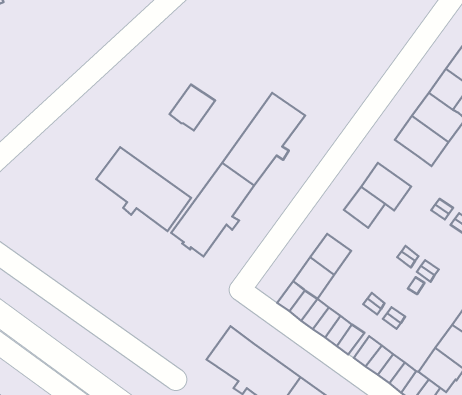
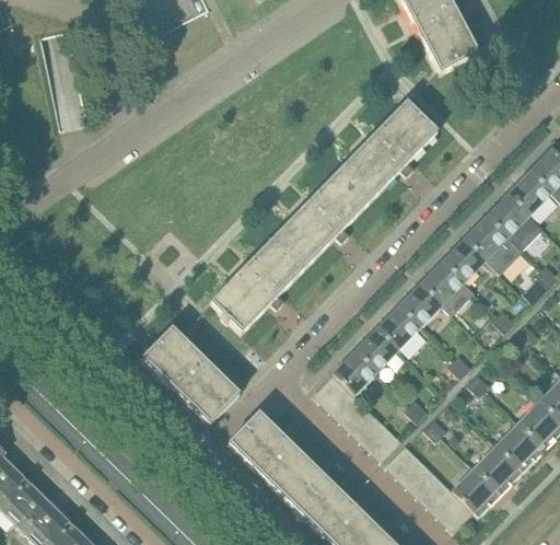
building: none -> [341,98,439,196]
building: [170,84,215,130] -> none
building: none -> [443,236,488,280]
building: [96,147,191,231] -> [142,325,241,422]
building: none -> [377,303,422,348]

